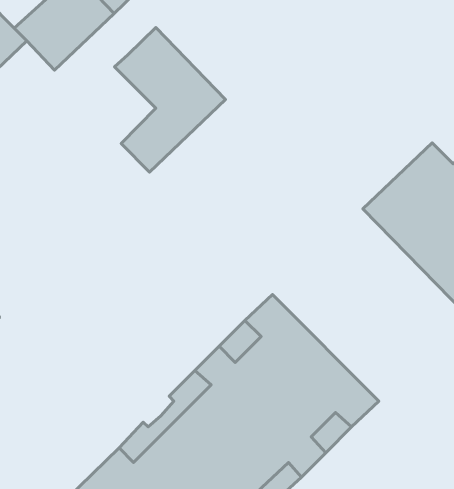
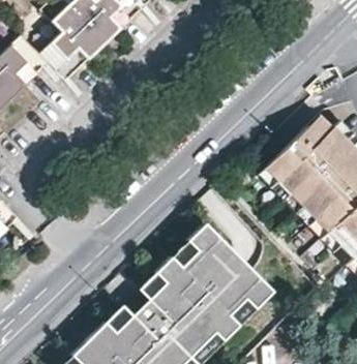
building: [115,27,226,172] -> none

